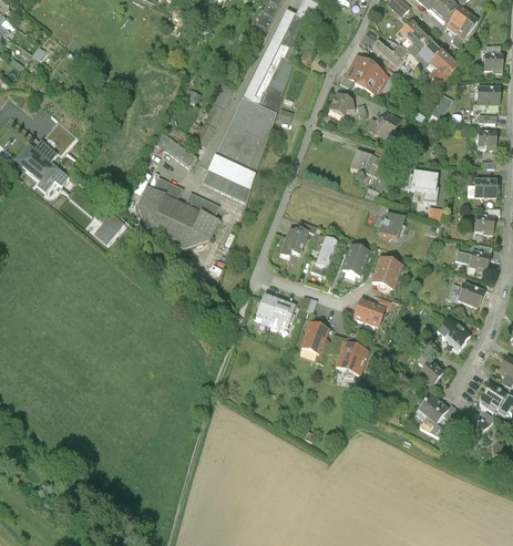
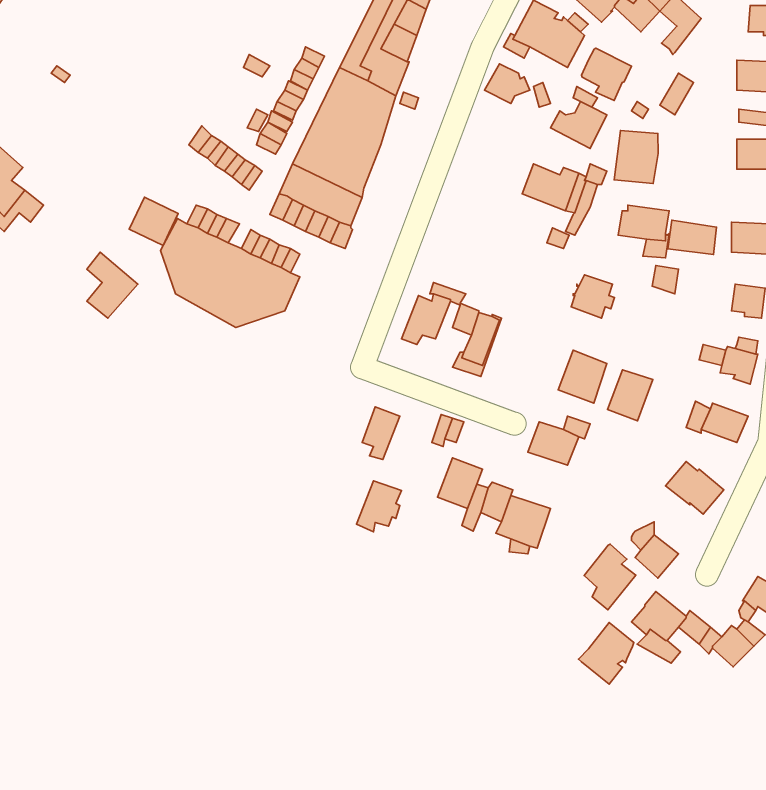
building: none -> [581,48,631,101]
building: none -> [614,131,658,184]
building: none -> [129,197,178,245]
building: none -> [668,220,717,255]
building: [341,245,368,275] -> [607,370,653,421]
building: [268,297,295,327] -> [356,481,402,532]
building: none -> [584,544,636,610]
building: none -> [579,622,634,684]

